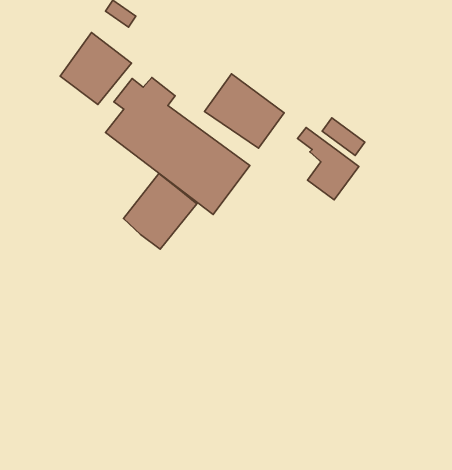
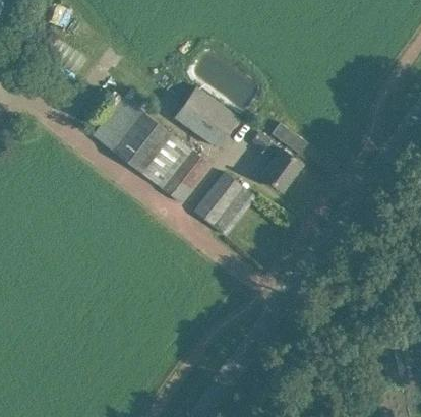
building: [60,33,131,105] -> none
building: [123,173,197,249] -> [194,172,255,235]

